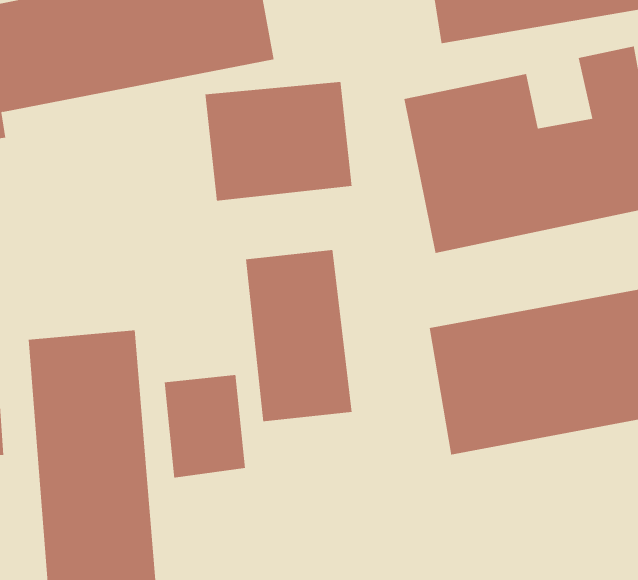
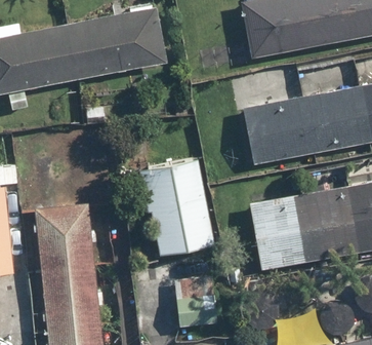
building: [205,81,352,201] -> none
building: [164,374,246,478] -> [175,276,218,331]

